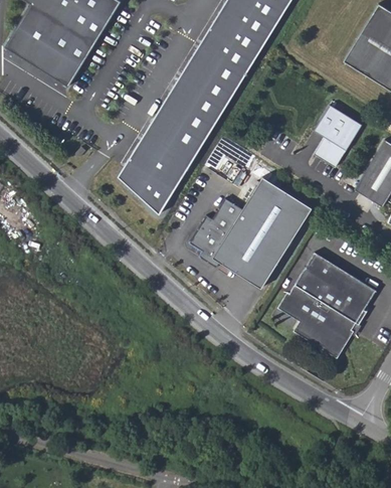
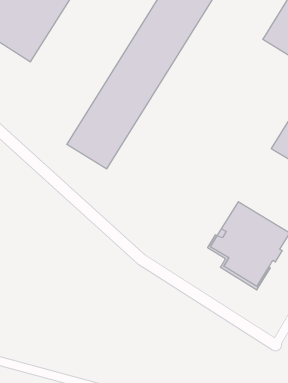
building: [314,107,360,167] -> none
building: [189,177,312,288] -> none

